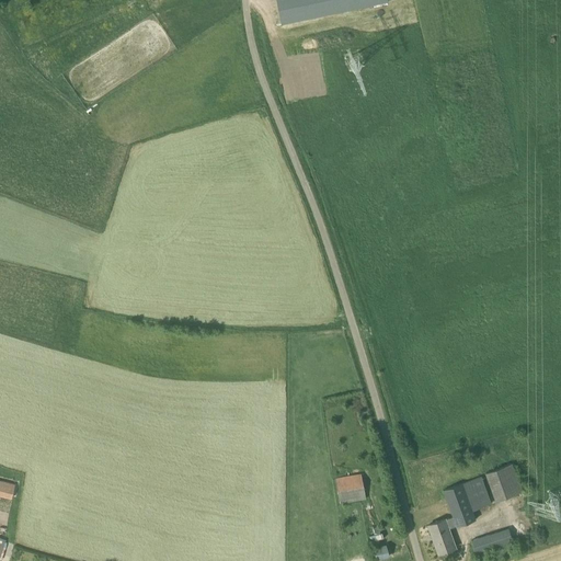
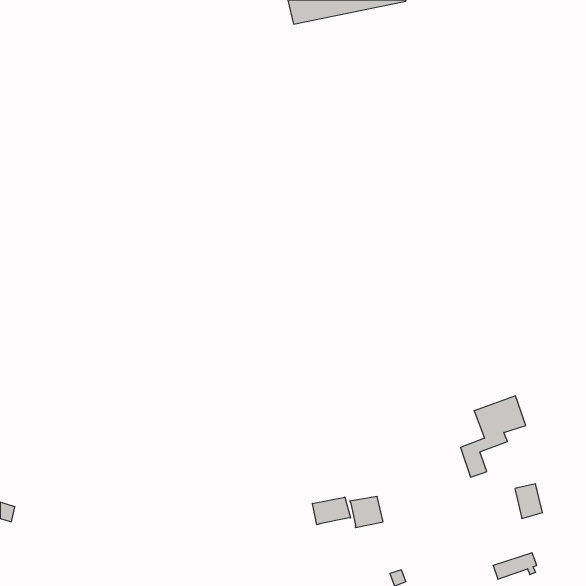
building: none -> [312,497,351,525]
building: [428,476,491,553] -> [460,396,526,477]

